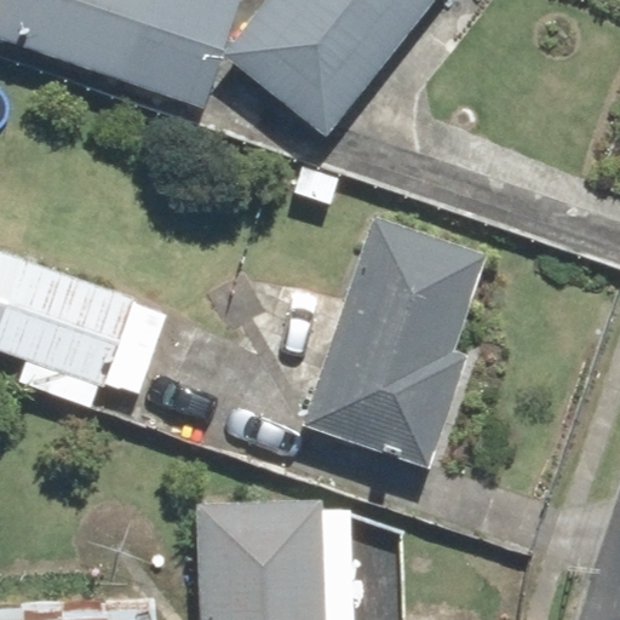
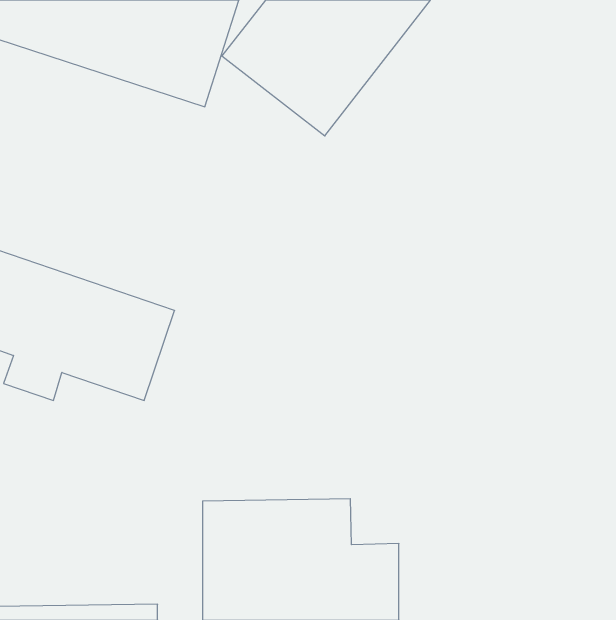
building: [305,219,482,463] -> none

